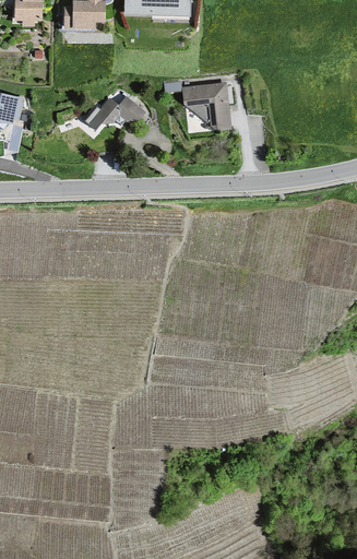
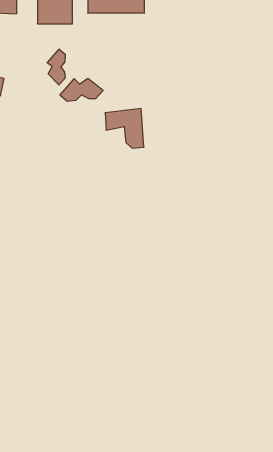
building: none -> [47,49,65,85]
building: [181,82,228,130] -> [105,108,144,148]

